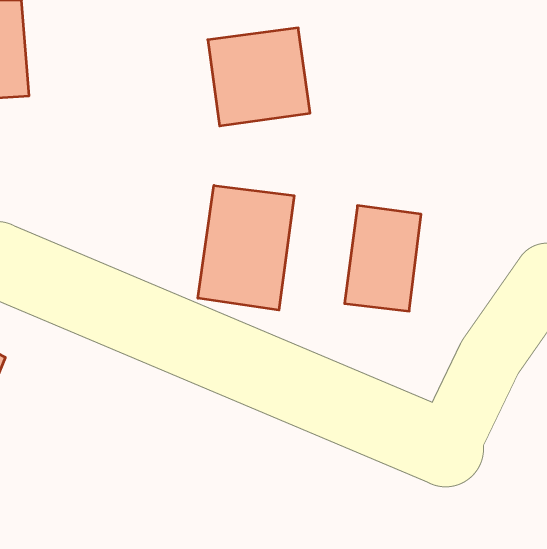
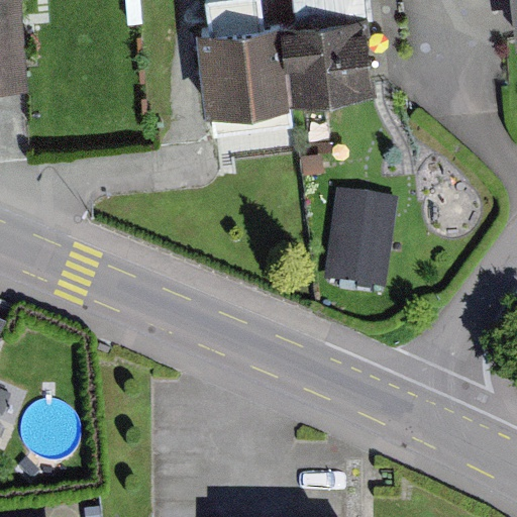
building: none -> [280,15,375,107]
building: [198,185,294,310] -> none

